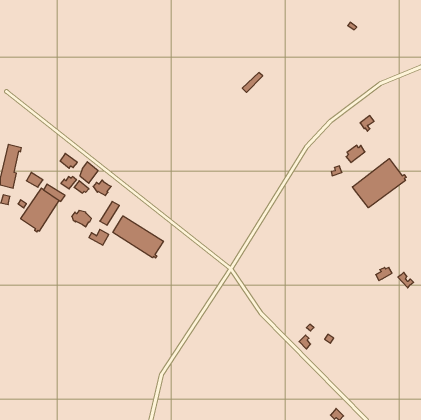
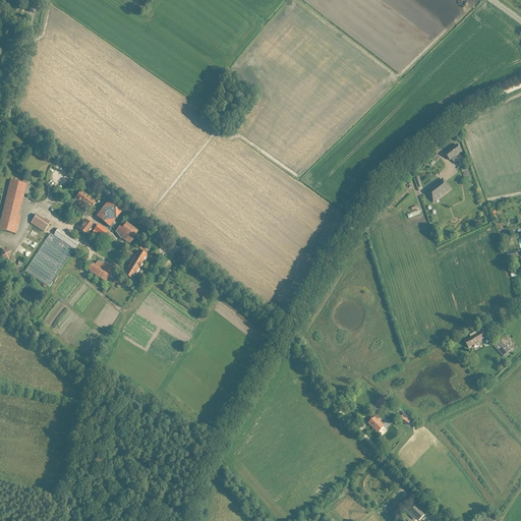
building: [352,159,406,208] -> none
building: [113,216,163,258] -> none

